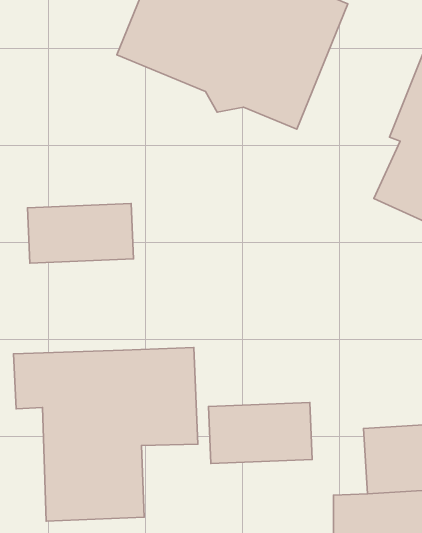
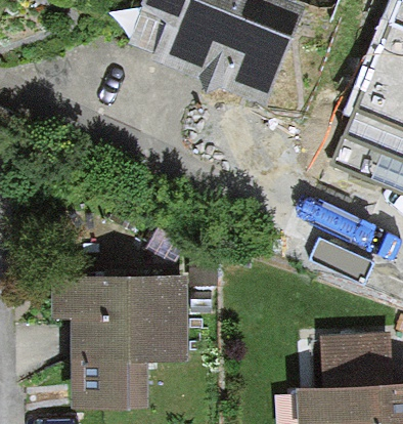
building: [28,204,133,263] -> none
building: [209,403,312,464] -> none

